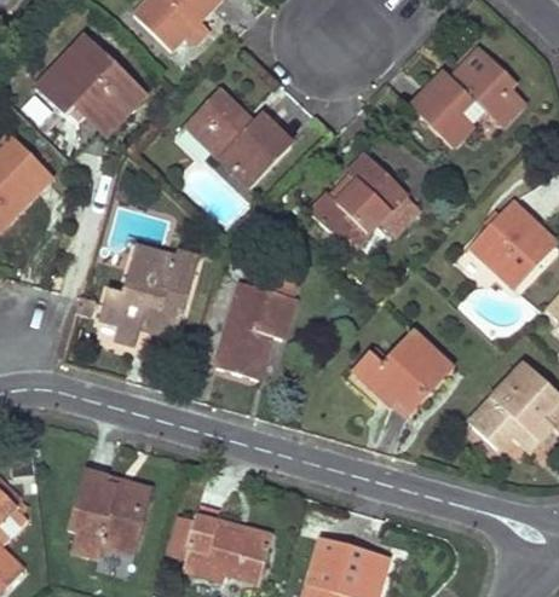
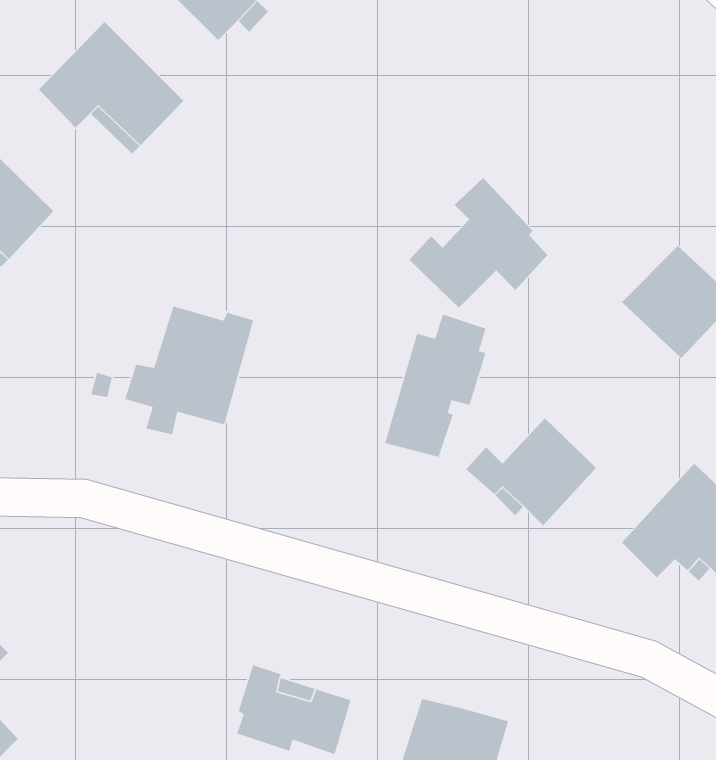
building: [411,48,523,145] -> none
building: [188,88,292,184] -> none
building: [218,267,294,375] -> [384,313,486,458]
building: [68,470,152,556] -> none

